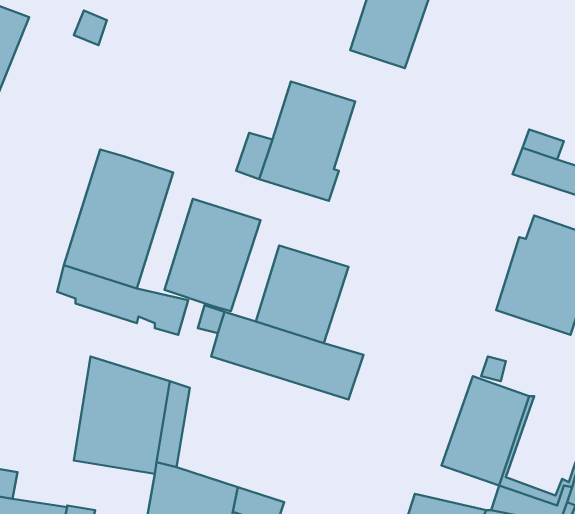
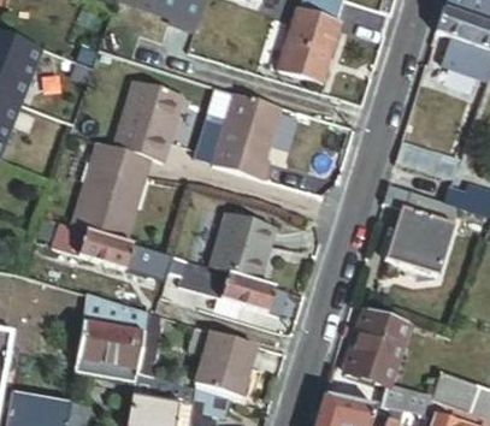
building: [165,199,261,311] -> [112,81,182,162]
building: none -> [195,331,258,397]

